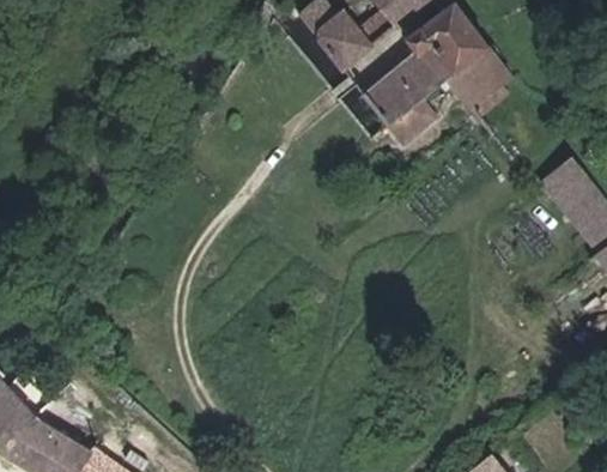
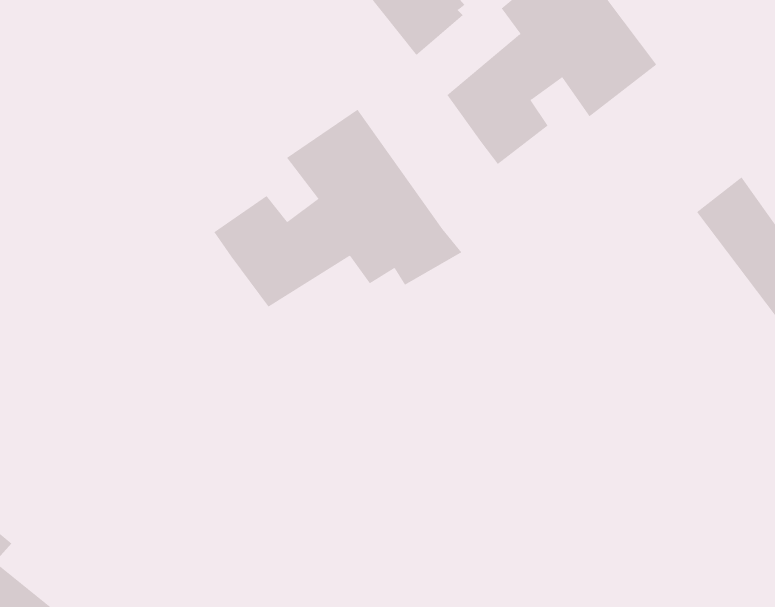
building: none -> [214,109,462,307]

